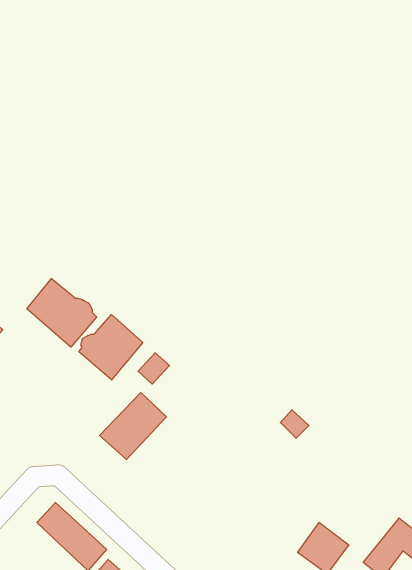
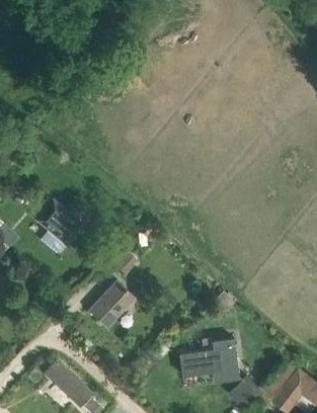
building: [79,315,143,380] -> none
building: none -> [177,340,236,381]

